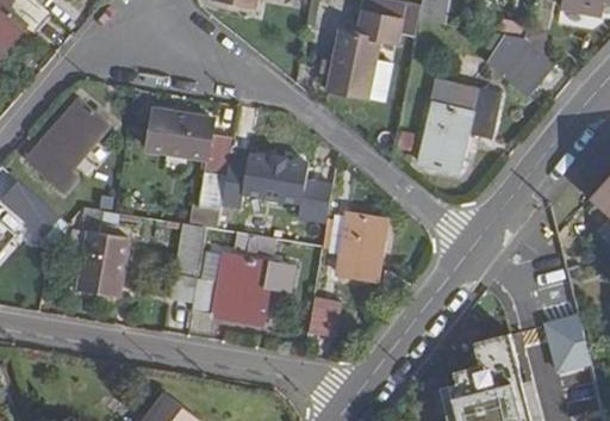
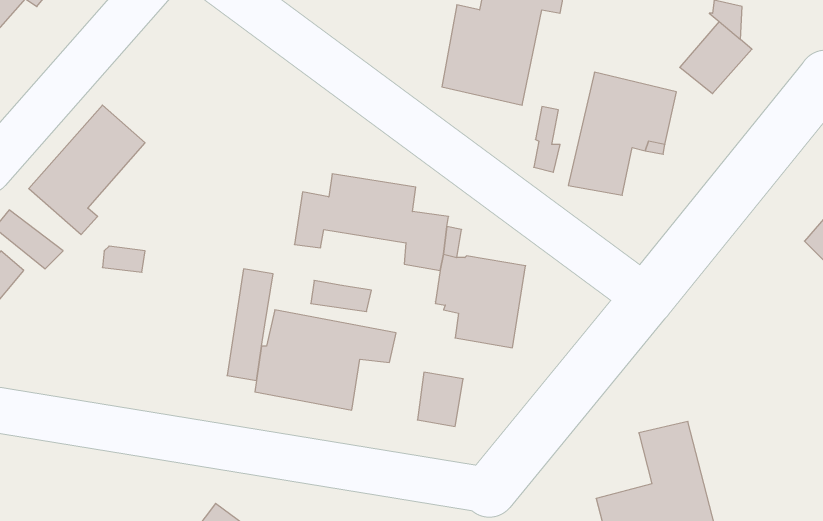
building: [145,110,231,209] -> none
building: [77,230,129,297] -> none
building: [539,314,587,374] -> none

